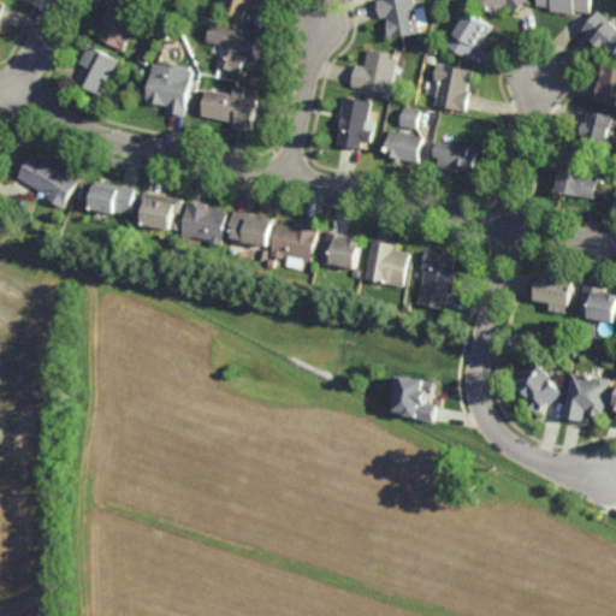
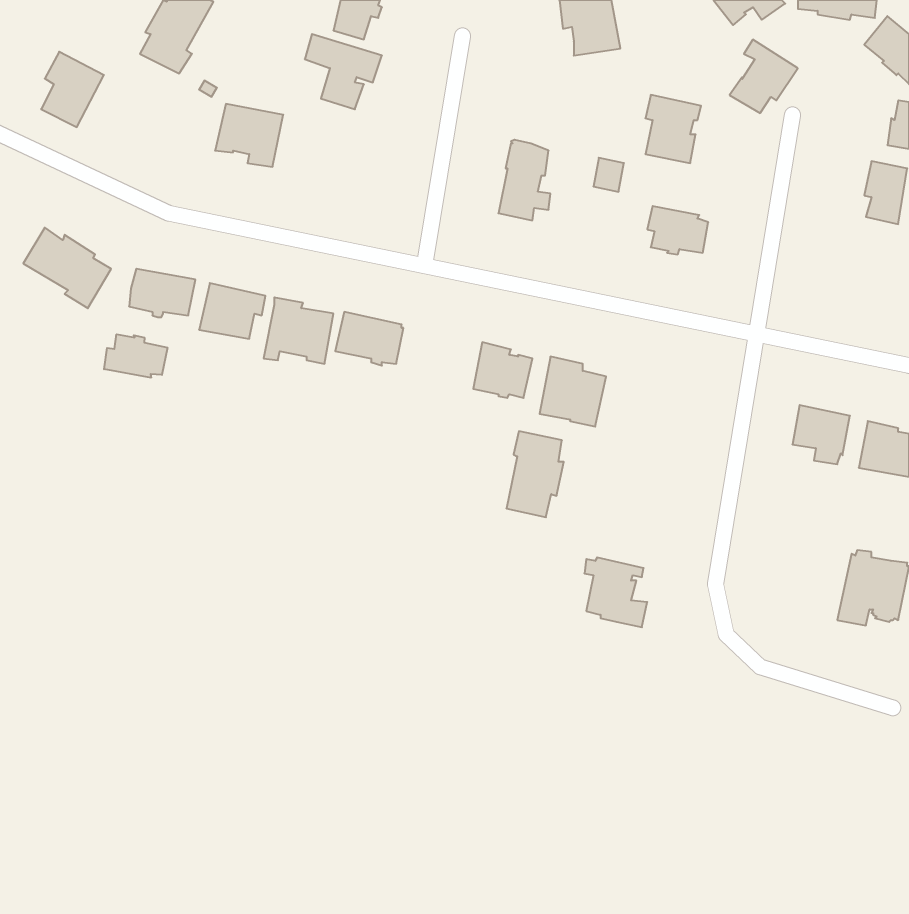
building: [444,10,490,59] -> [730,40,798,113]
building: [75,45,117,95] -> [41,52,104,127]
building: [349,51,396,94] -> none
building: [201,84,256,130] -> none
building: [384,130,421,162] -> none
building: [553,155,596,197] -> none
building: [267,221,315,262] -> none
building: none -> [104,334,167,378]
building: [415,251,454,309] -> [506,431,564,517]
building: [510,361,561,415] -> none

